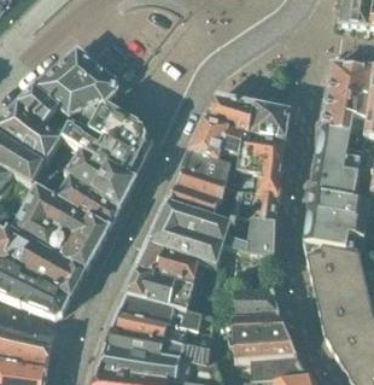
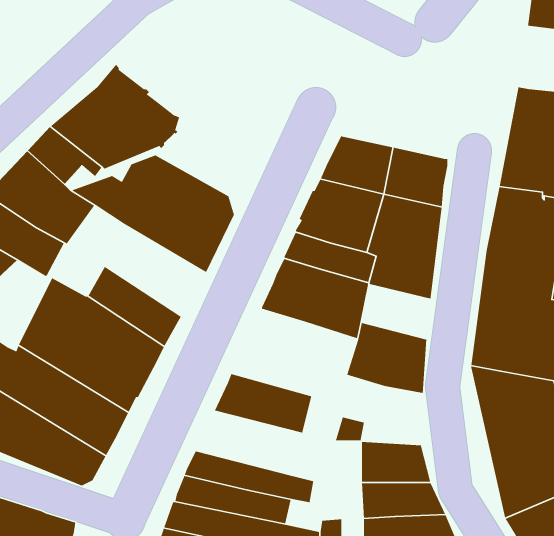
building: [64,148,134,208] -> none
building: [233,187,277,222] -> none
building: [150,203,230,263] -> none
building: [127,268,195,309] -> none

